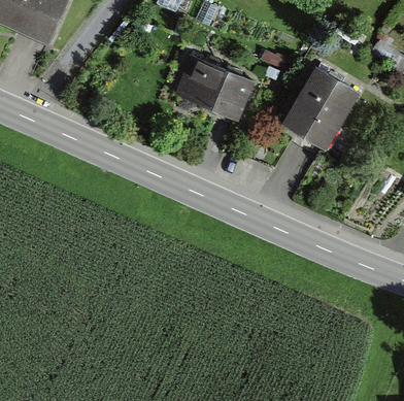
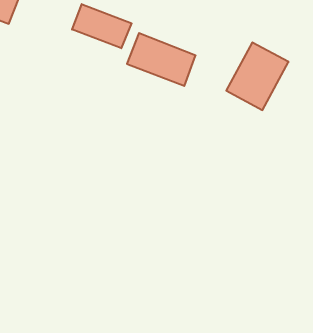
building: none -> [72,4,132,48]

